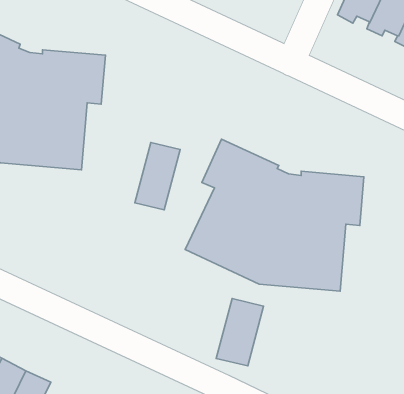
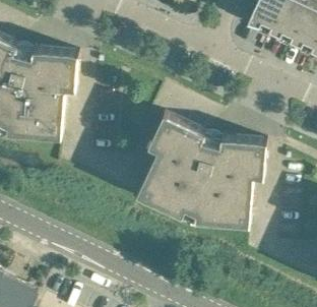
building: [135,143,180,210] -> none
building: [216,299,264,366] -> none

